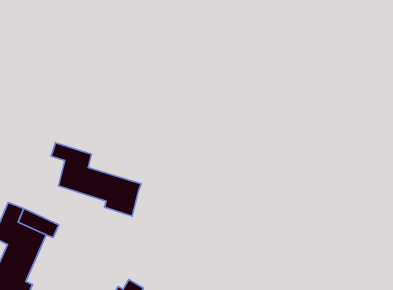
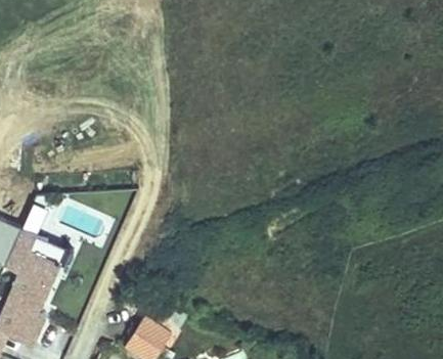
building: [51,143,141,216] -> none

